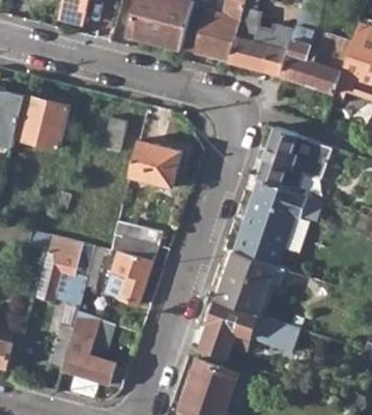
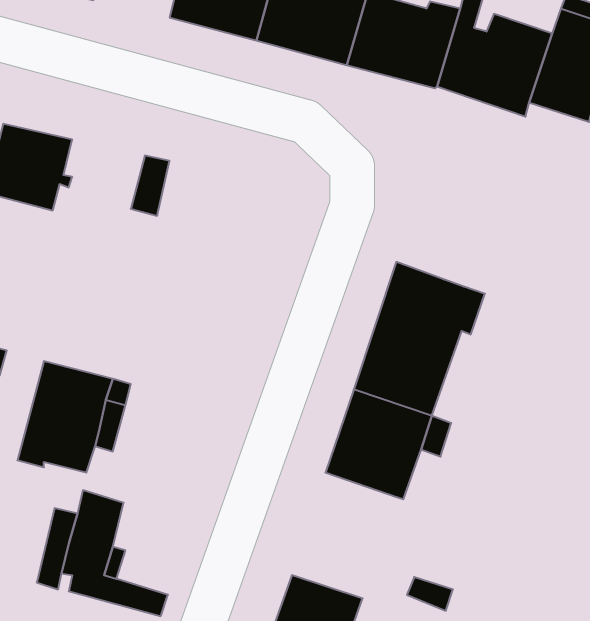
building: [257,126,332,191] -> none
building: [126,138,180,186] -> none
building: [105,235,156,303] -> none
building: [198,300,287,359] -> none

